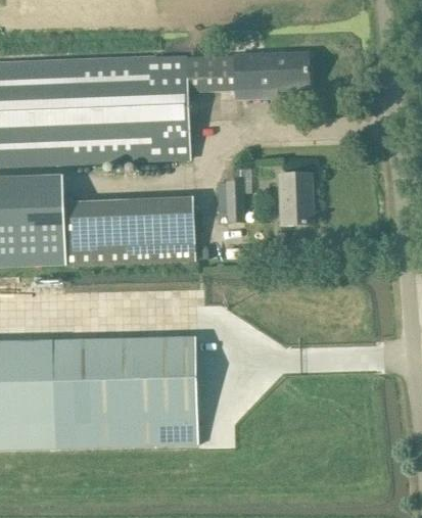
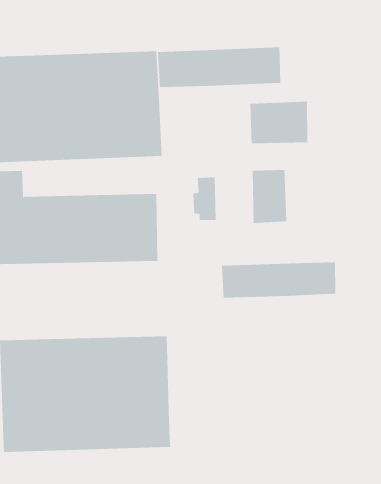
building: none -> [250,101,308,144]
building: none -> [222,262,336,299]

